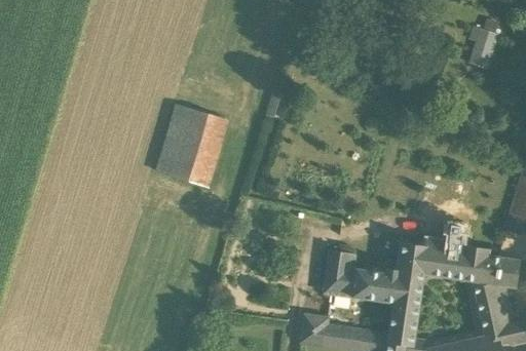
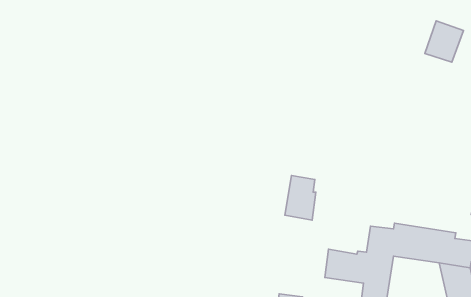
building: [157,106,225,186] -> none
building: [324,248,356,296] -> [285,176,316,220]

